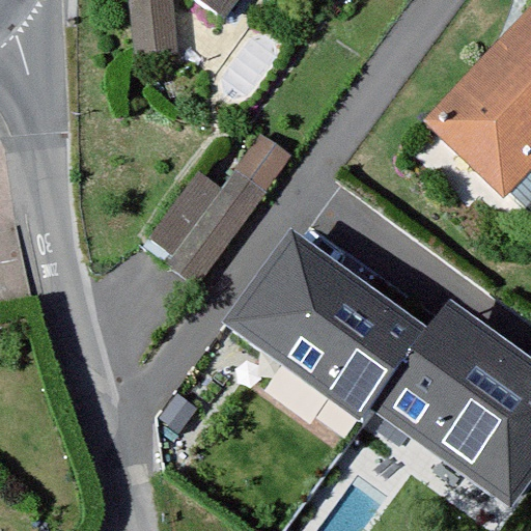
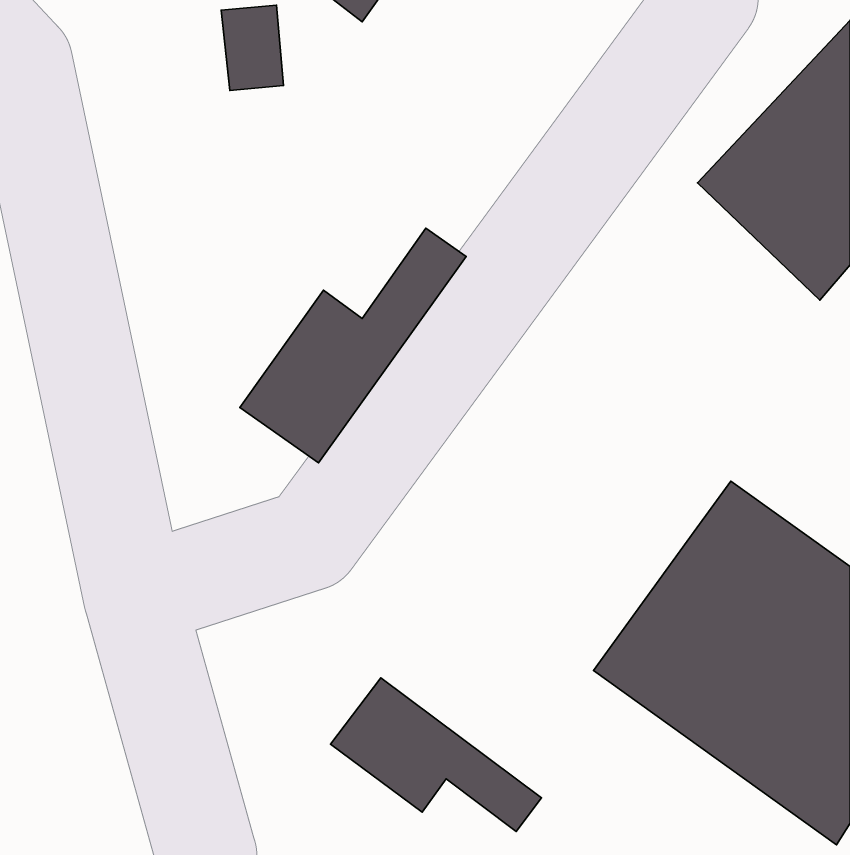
building: [225,228,429,423] -> none
building: none -> [331,678,542,832]

